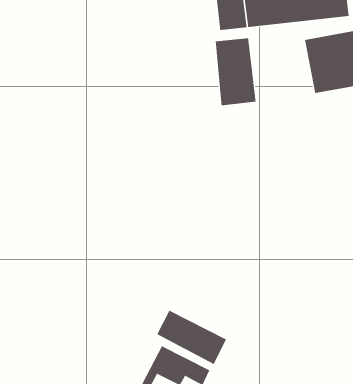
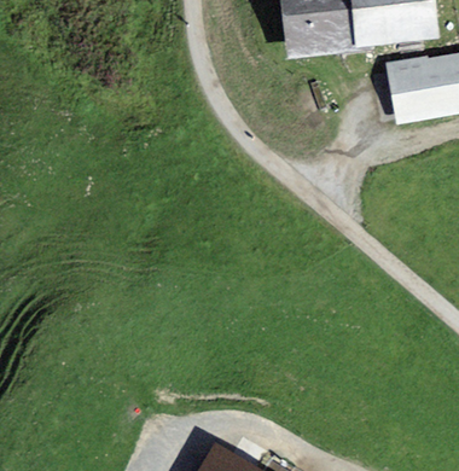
building: [215,37,256,106] -> none
building: [156,310,227,365] -> none

